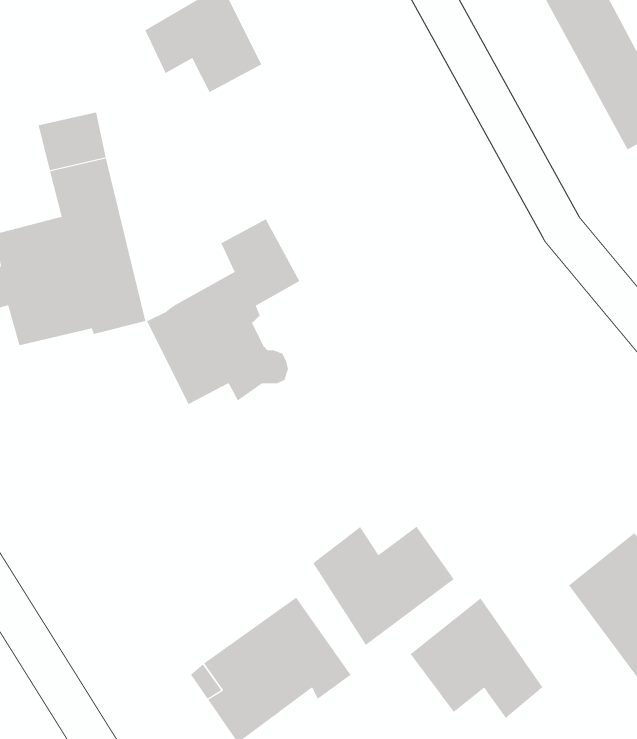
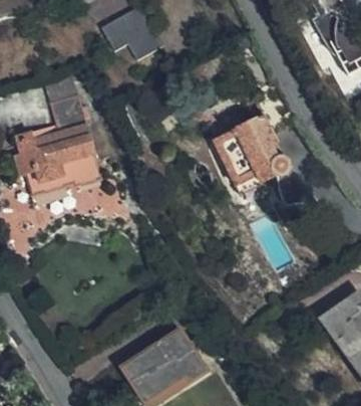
building: [146,218,300,405] -> [214,85,295,184]
building: [312,526,455,646] -> none
building: [410,597,543,719] -> none

